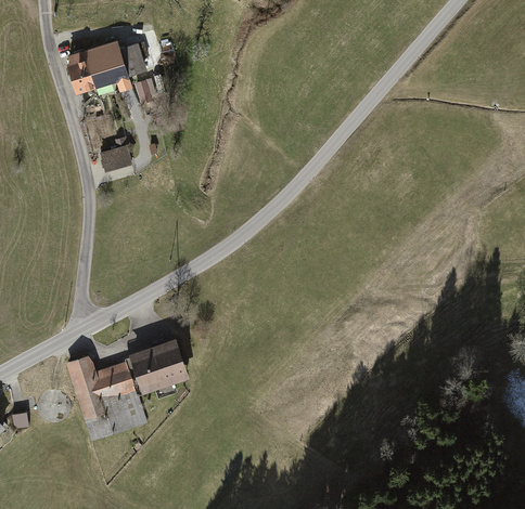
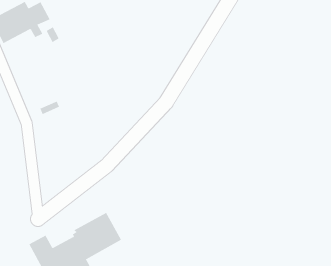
building: [99,135,132,170] -> none

